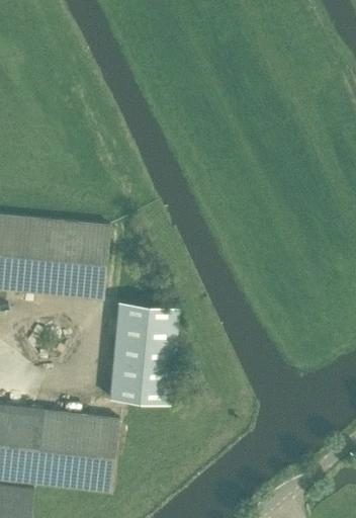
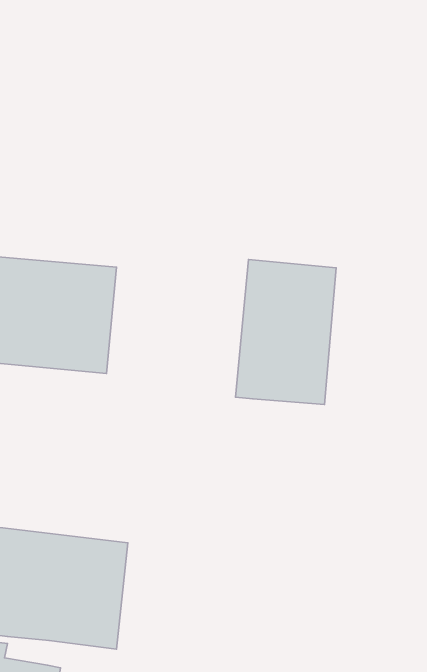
building: [107,301,178,404] -> [236,259,336,404]

